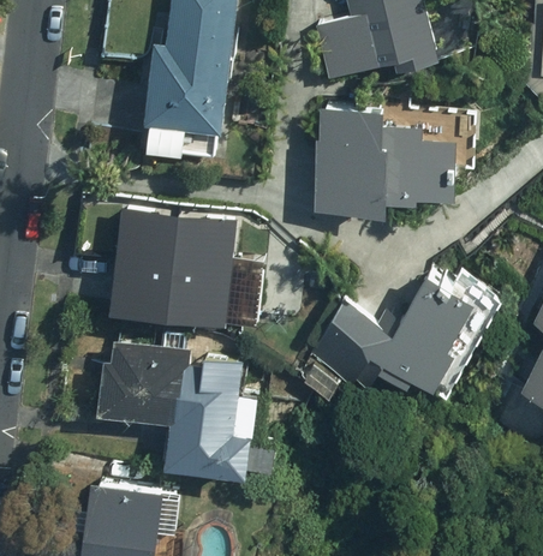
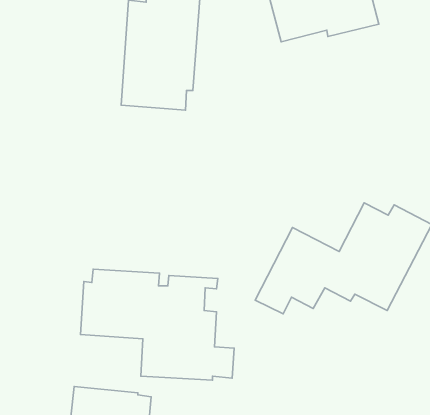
building: [315,107,478,213] -> none
building: [73,213,264,325] -> none

